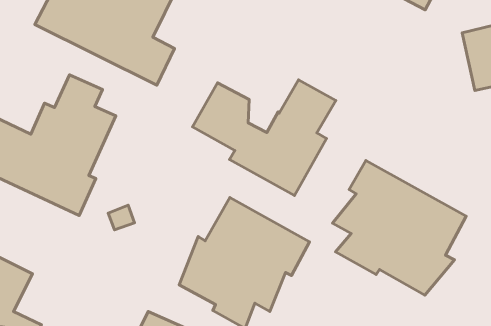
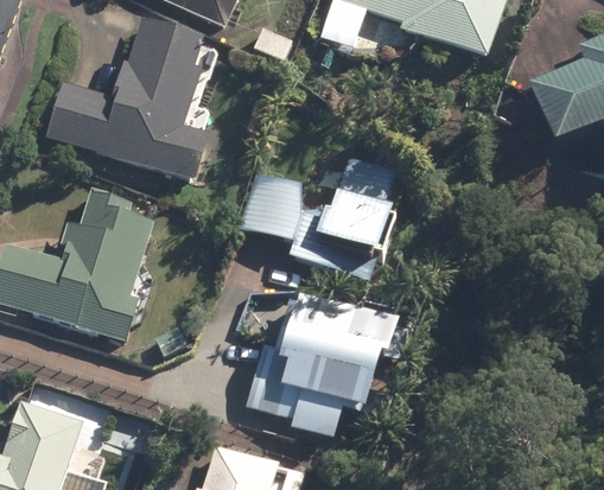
building: [332,160,466,295] -> none

